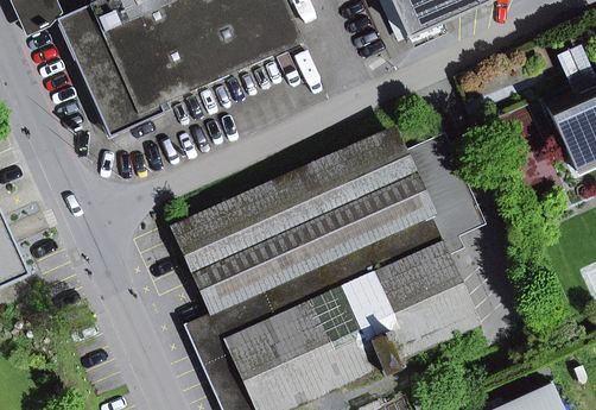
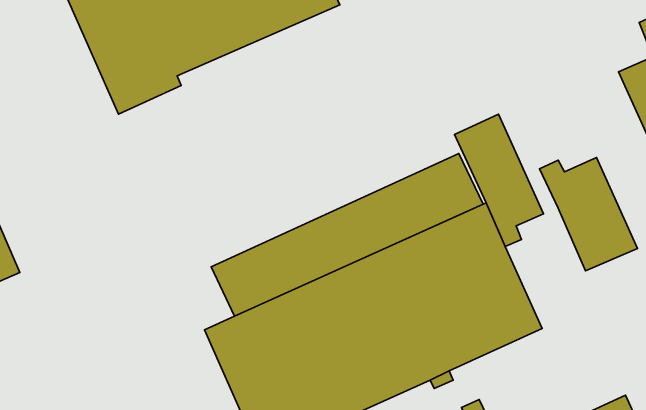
building: [172,128,406,269] -> none
building: none -> [540,158,637,271]

